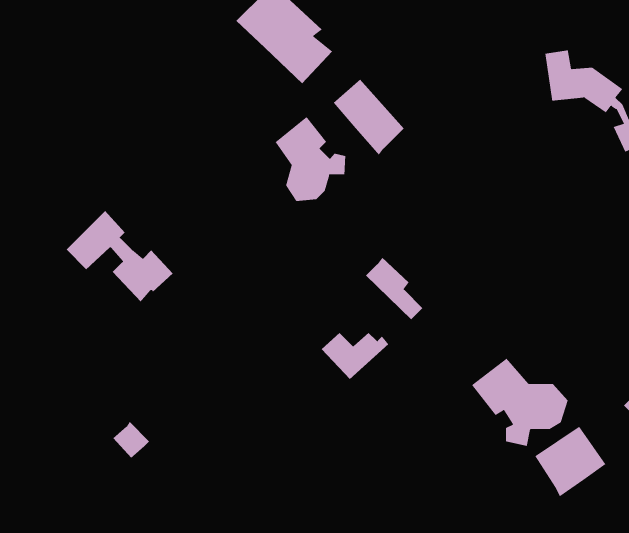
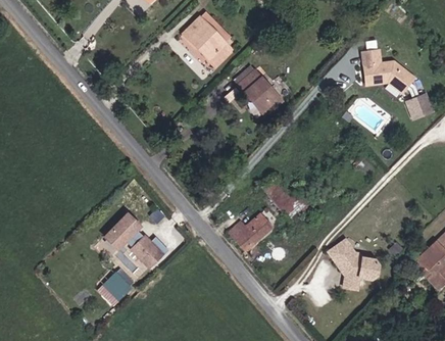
building: [275,116,346,202] -> none
building: [66,210,173,303] -> [105,213,169,269]
building: [535,426,606,497] -> none

